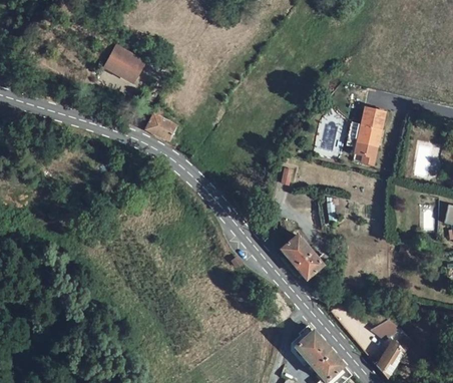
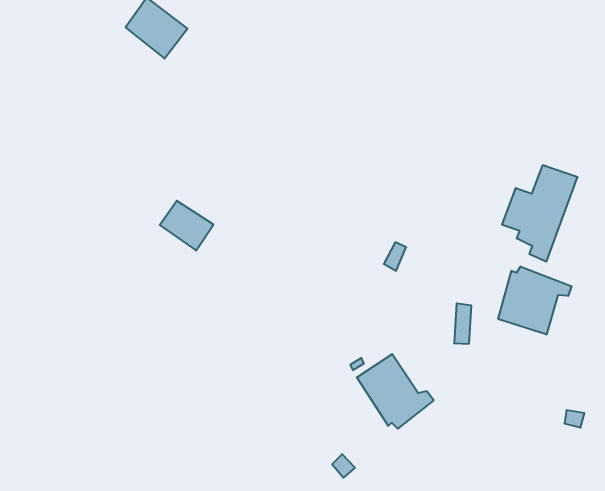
building: [145,112,177,140] -> [160,201,213,251]
building: none -> [498,266,572,335]

